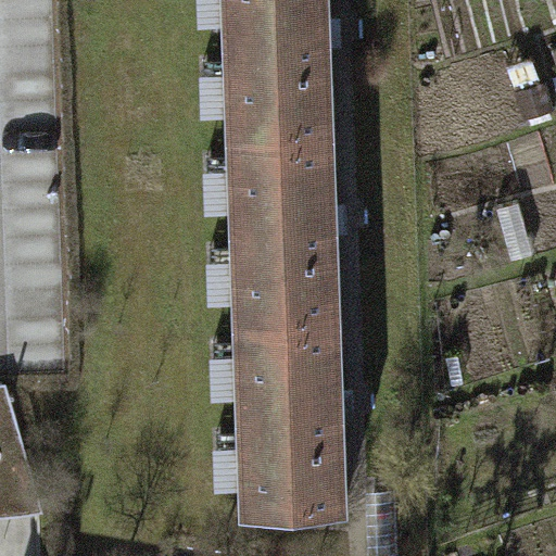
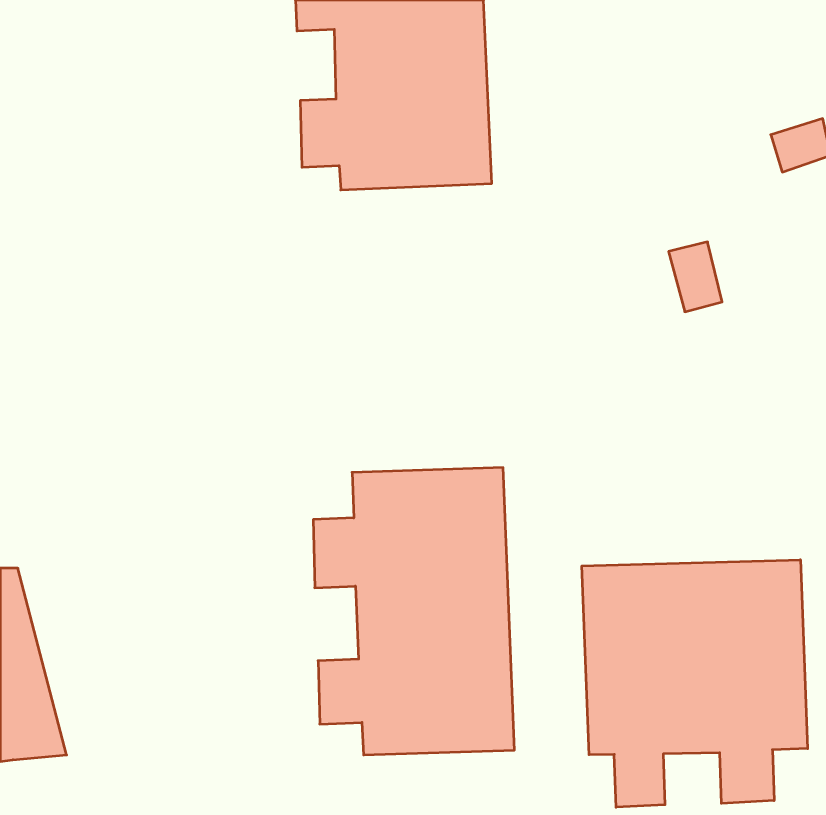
building: [205,132,339,326] -> none
building: none -> [582,560,808,807]

